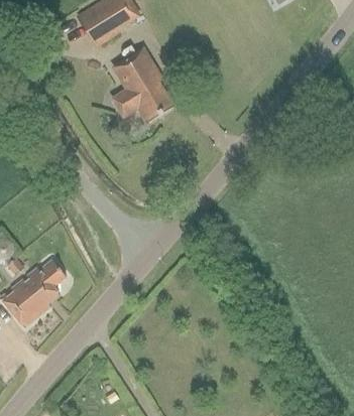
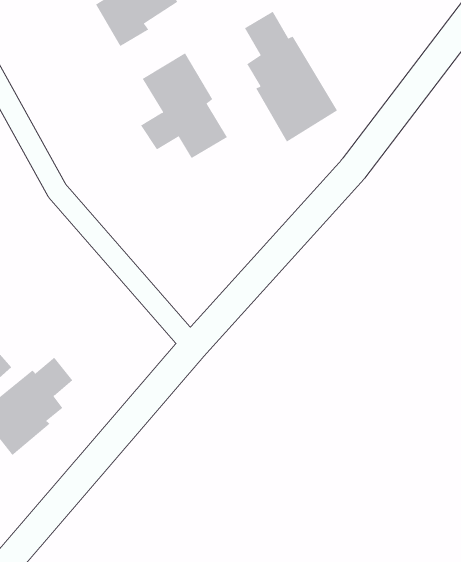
building: none -> [244,11,338,142]

